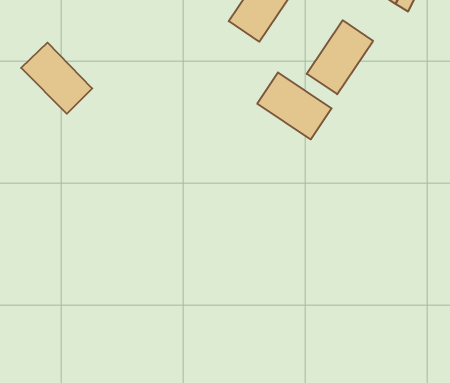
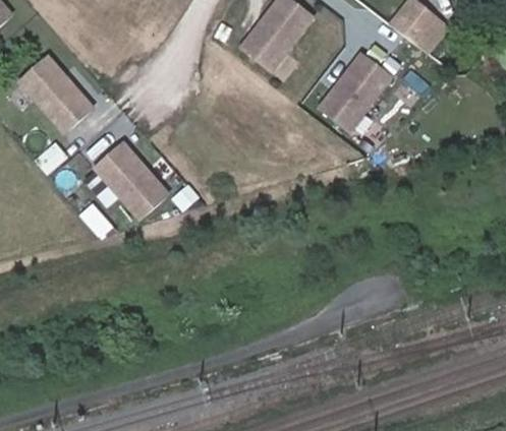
building: [257,72,332,139] -> none
building: none -> [106,151,180,226]

